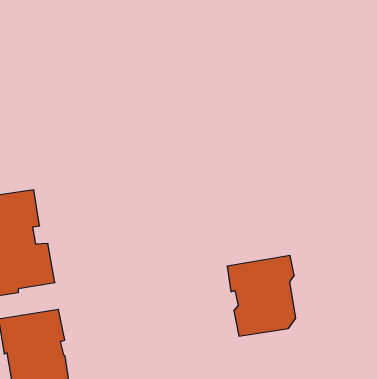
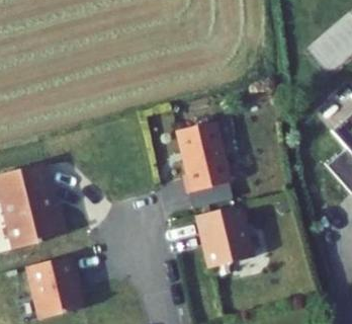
building: none -> [176,126,228,194]

